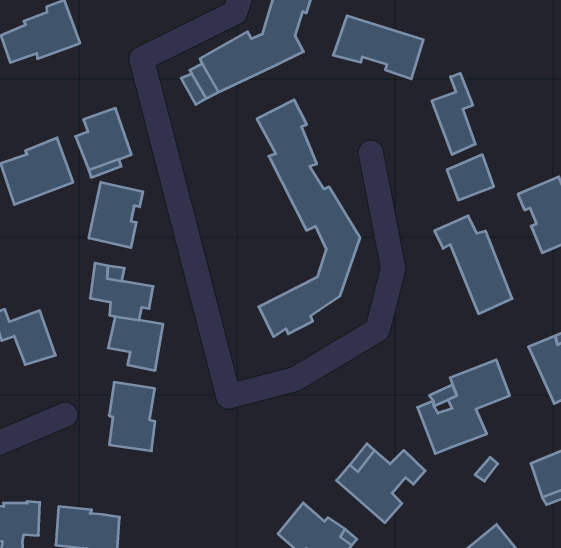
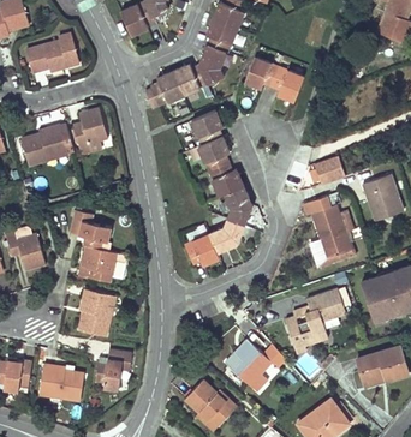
building: [432,73,475,155] -> none
building: [89,182,143,248] -> none
building: none -> [95,352,132,393]

